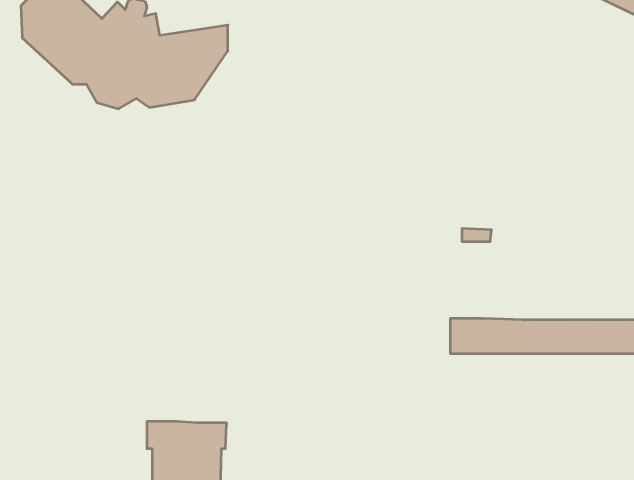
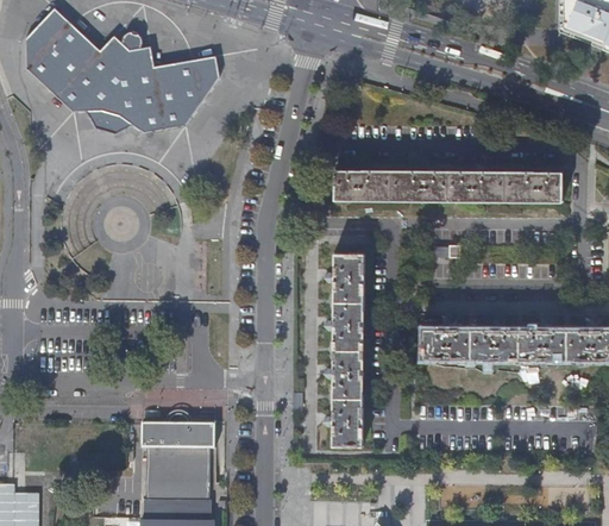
building: none -> [334,169,563,201]
building: none -> [332,252,364,446]

